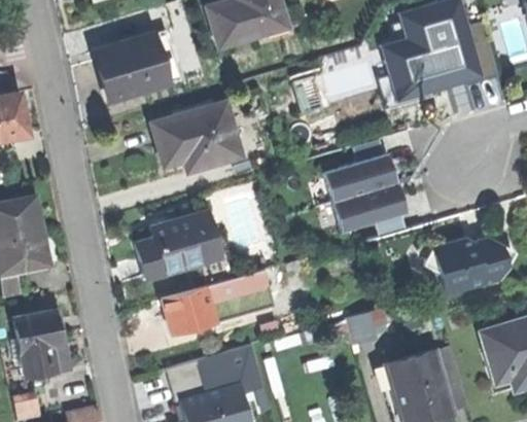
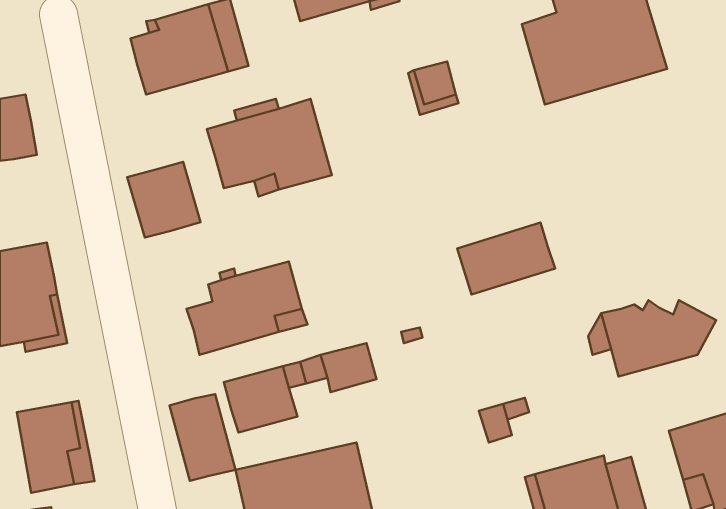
building: none -> [127,162,201,237]
building: [319,153,389,205] -> none
building: none -> [169,394,235,481]

